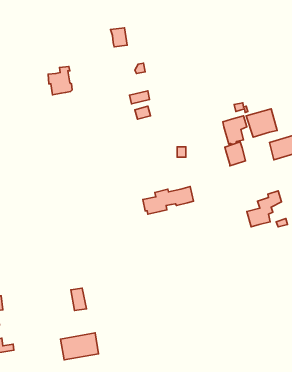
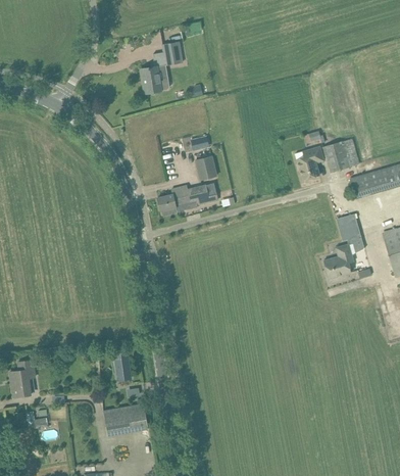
building: [48,67,72,95] -> [141,59,169,93]
building: none -> [194,154,217,181]
building: [225,142,245,166] -> [336,212,360,241]
building: [143,187,194,214] -> [157,182,217,215]

